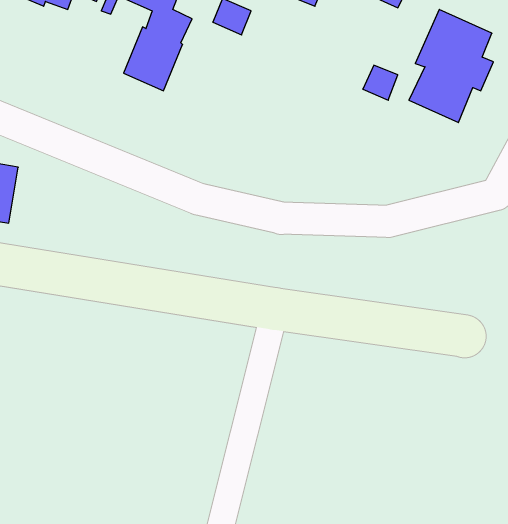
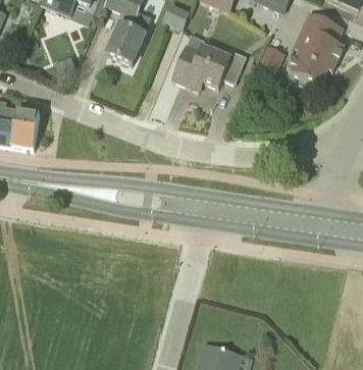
building: none -> [172,34,247,87]

